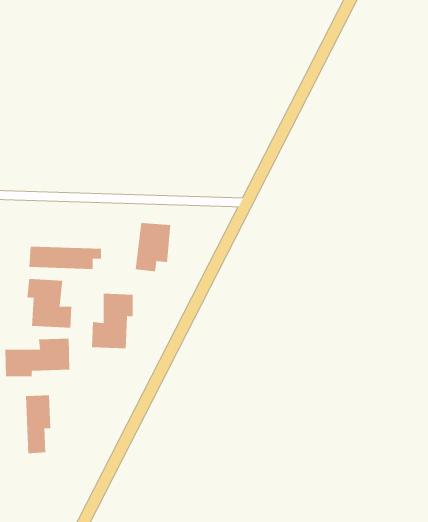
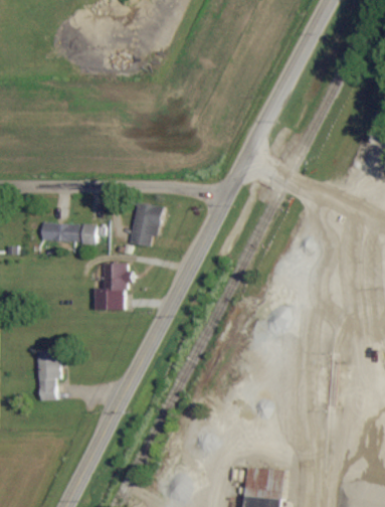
building: [27,278,72,329] -> none
building: [5,338,70,377] -> none

